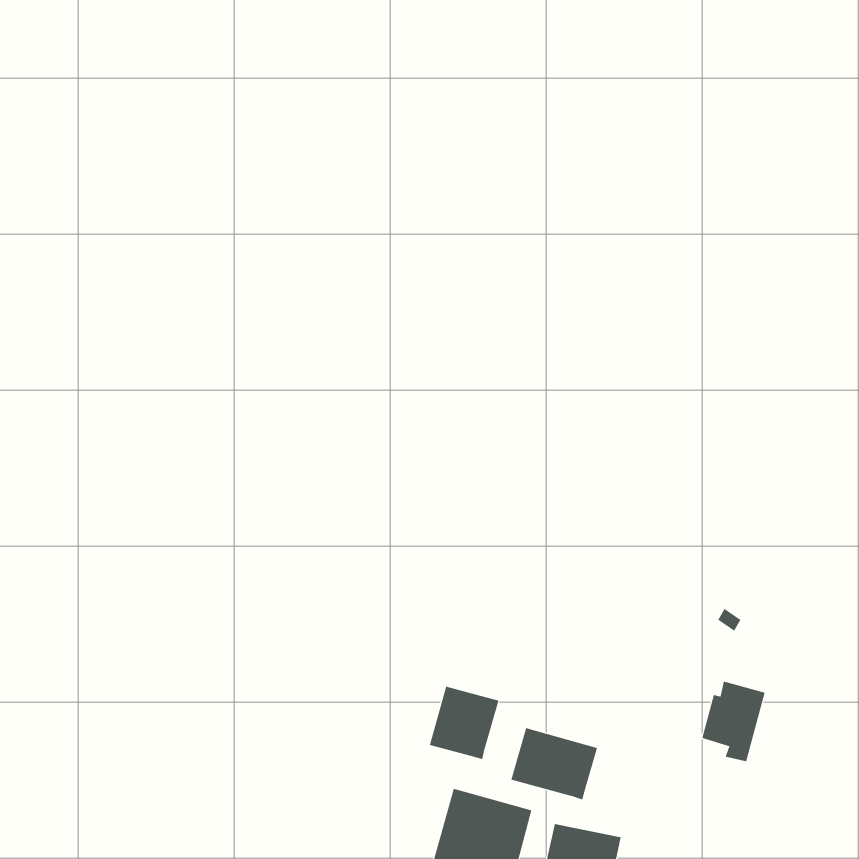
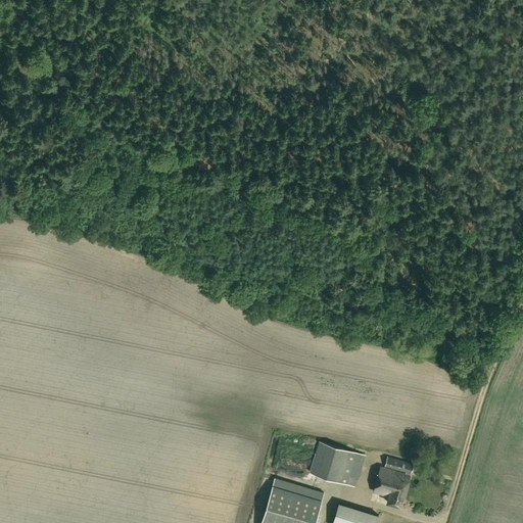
building: [701,681,765,762] -> [373,458,412,507]
building: [429,686,499,760] -> none

